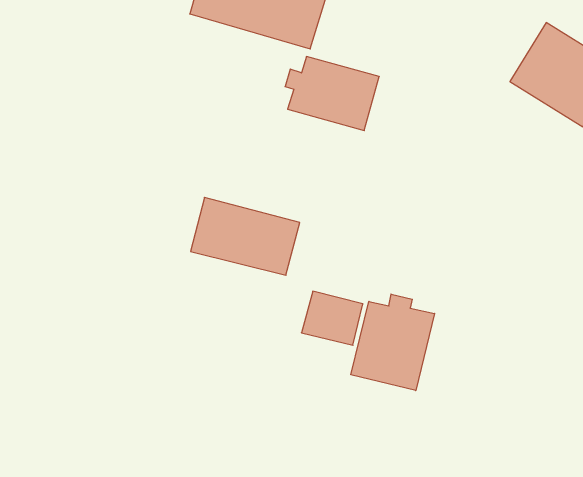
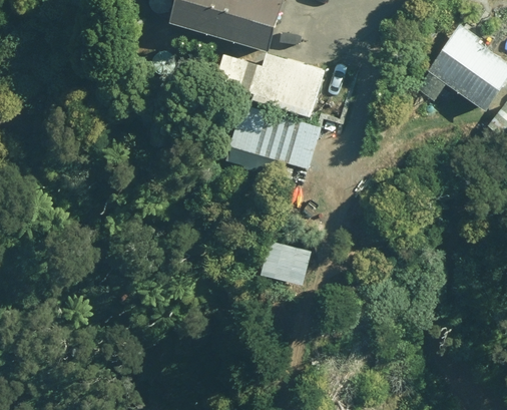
building: [191,197,300,275] -> [231,106,319,168]
building: [351,294,435,391] -> none

